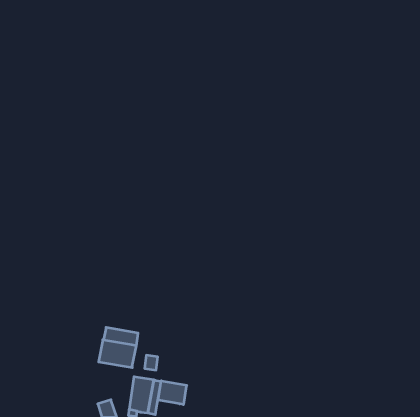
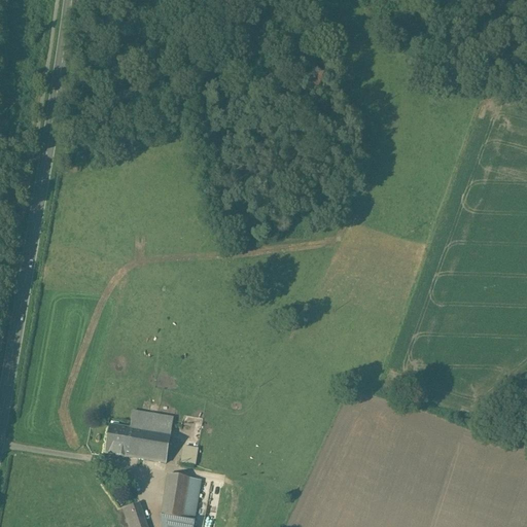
building: none -> [105,422,129,453]
building: [158,381,187,405] -> none

